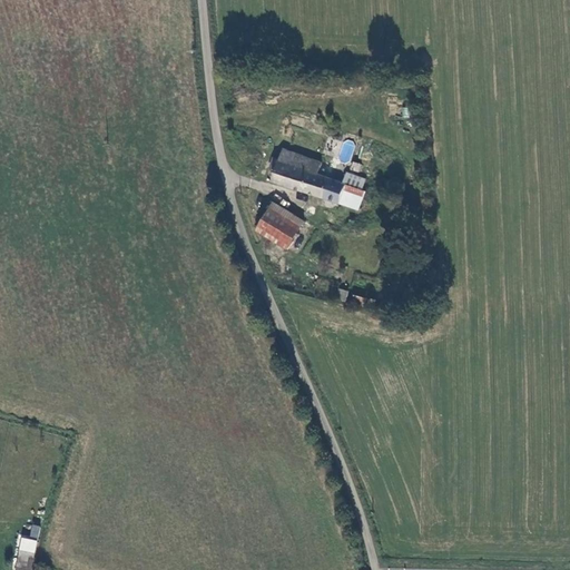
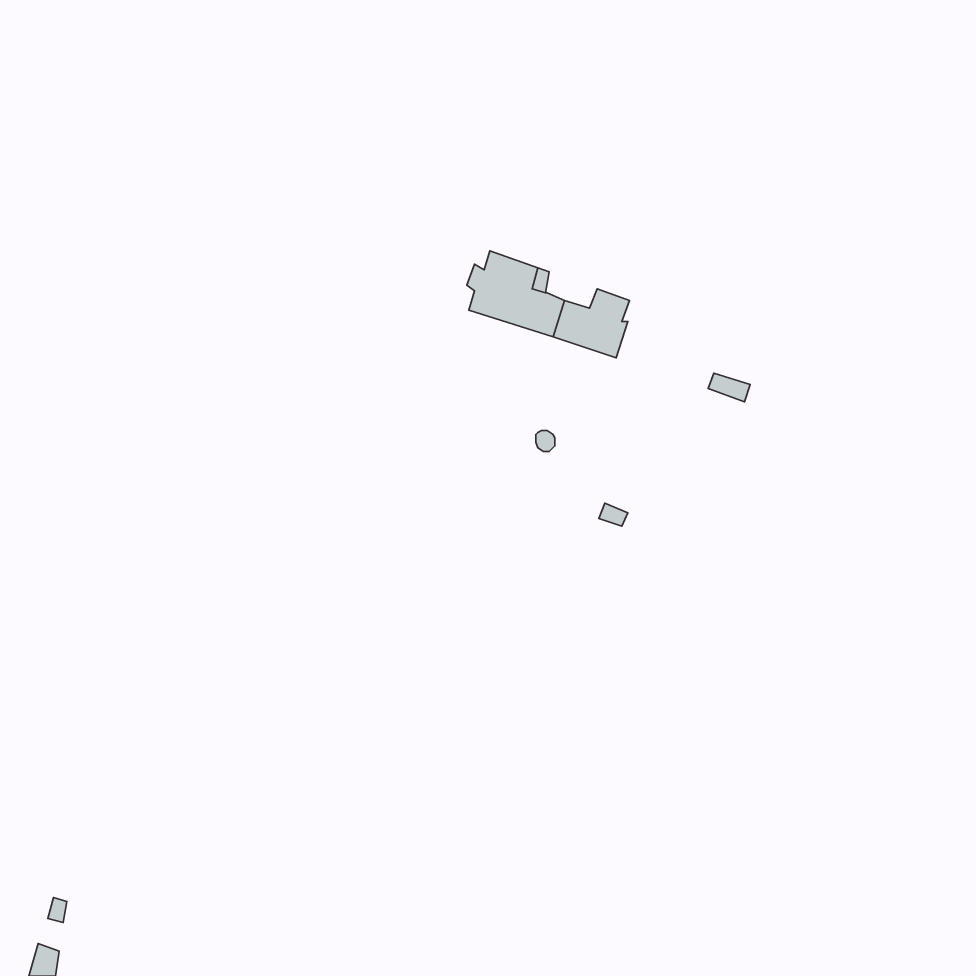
building: [255,207,301,249] -> none

